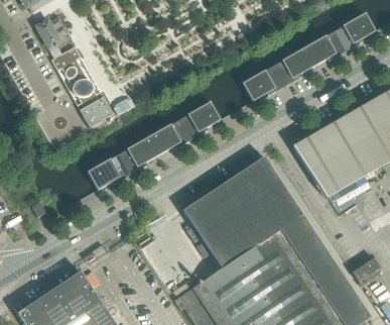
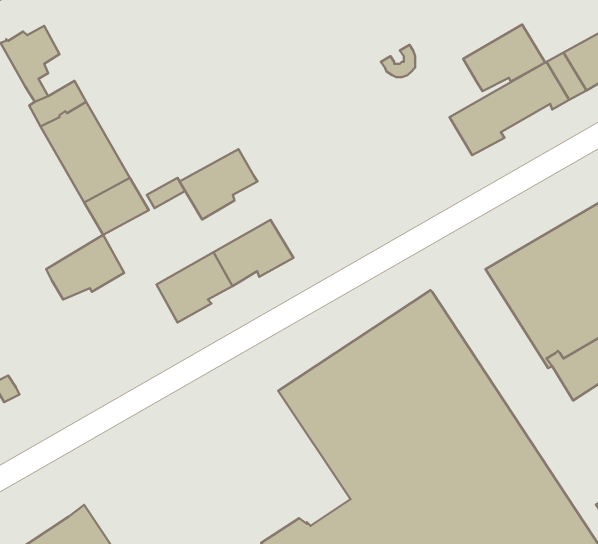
building: [243,65,286,100] -> [463,25,545,91]
building: [179,102,221,139] -> [179,149,257,219]
building: [89,153,130,188] -> [46,235,124,300]

